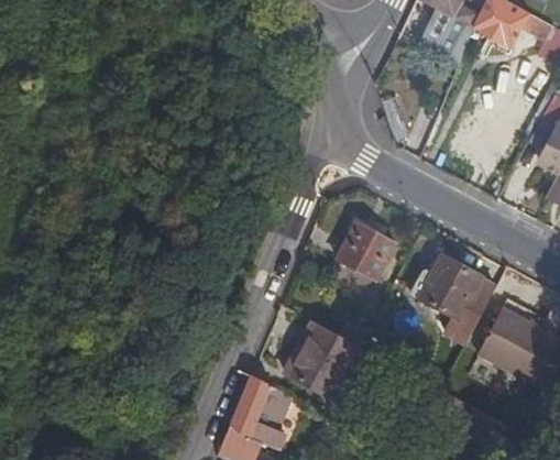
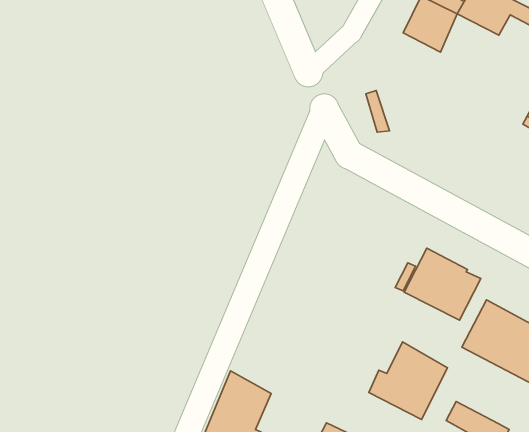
building: [339,221,396,276] -> none
building: [284,322,361,398] -> [369,342,448,420]

